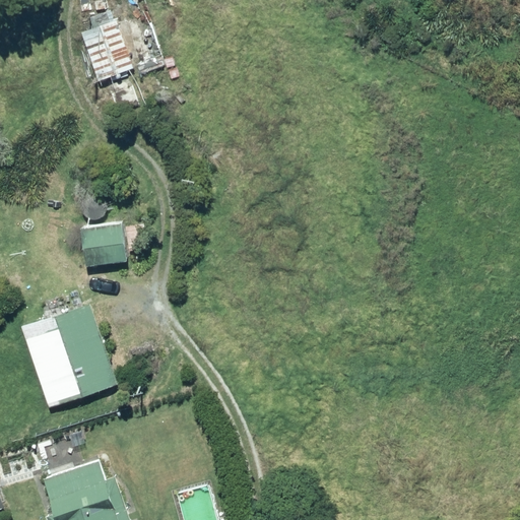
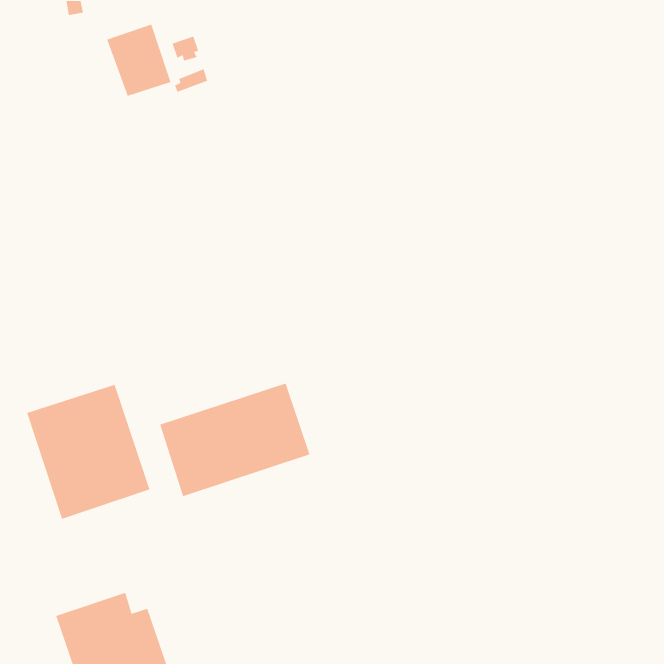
building: [82,221,128,266] -> none
building: none -> [159,383,311,497]

